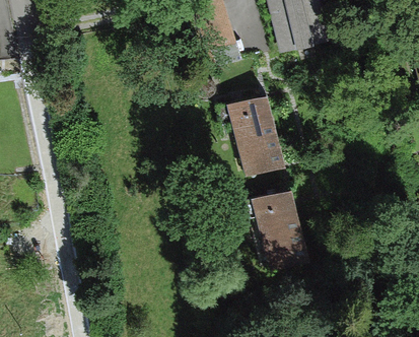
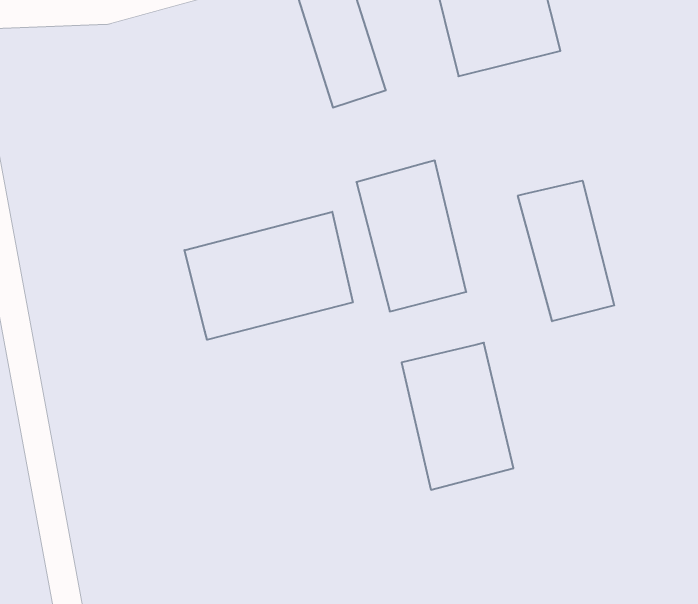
building: none -> [518,181,614,321]
building: none -> [184,212,353,340]

